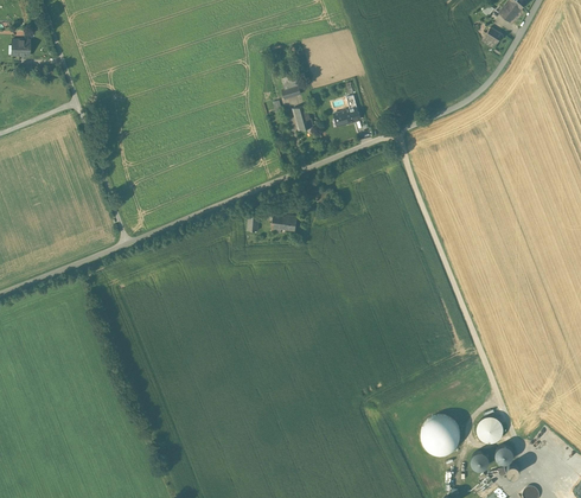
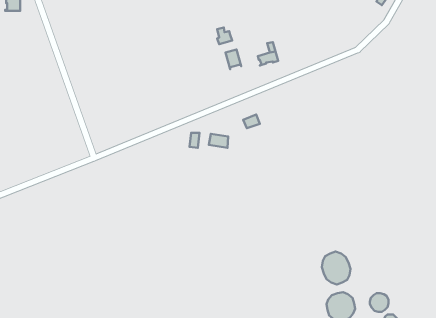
building: none -> [322,252,351,284]

